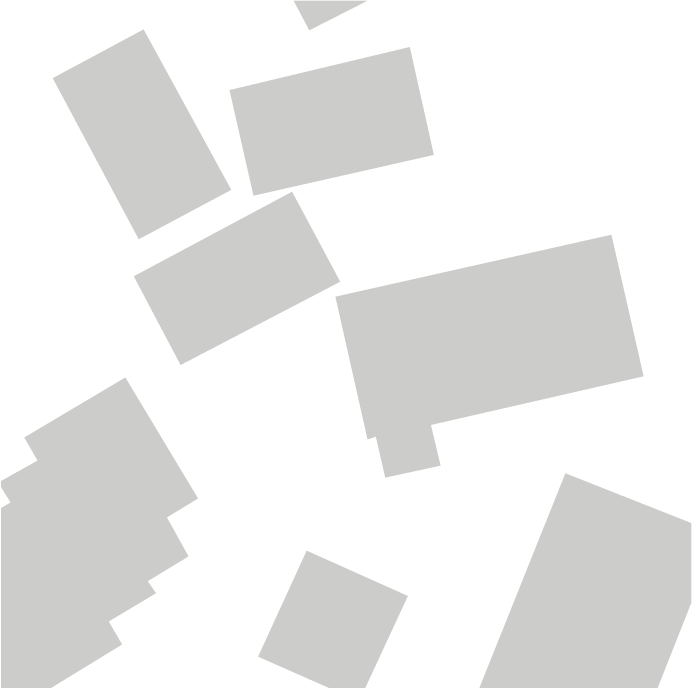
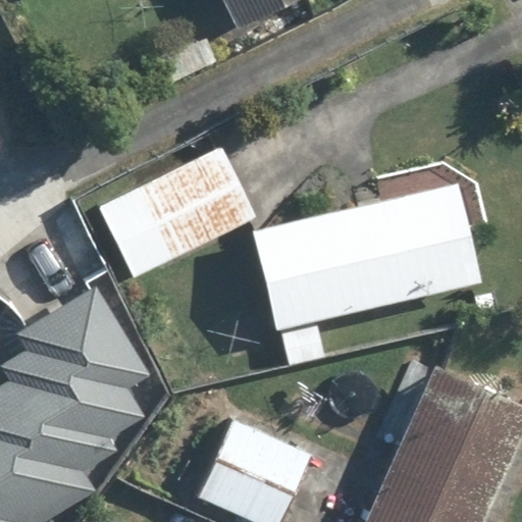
building: [52,28,232,240] -> none
building: [229,46,434,196] -> none

